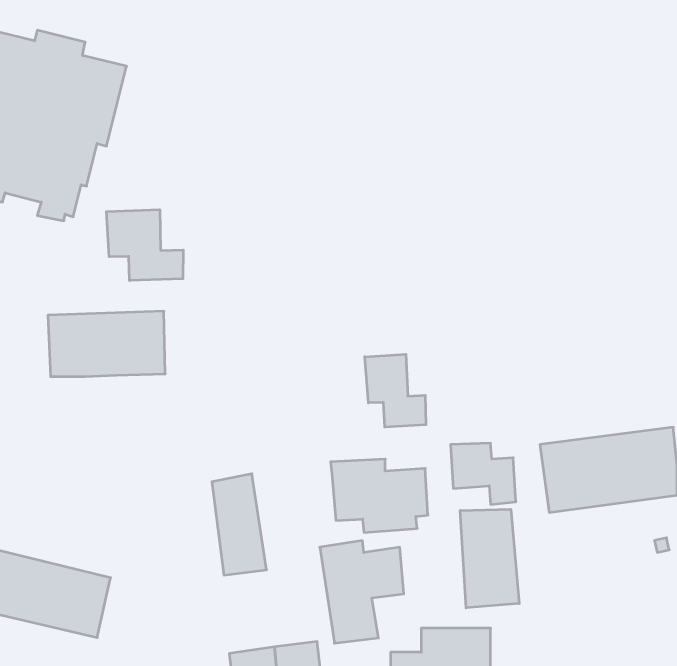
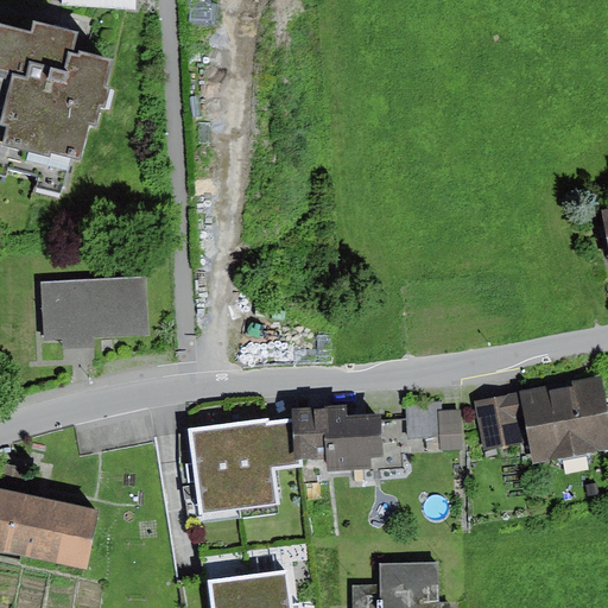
building: [106,210,183,281] -> none
building: [365,354,426,427] -> none
building: [460,509,519,608] -> none
building: [320,541,404,643] -> [224,417,299,508]

